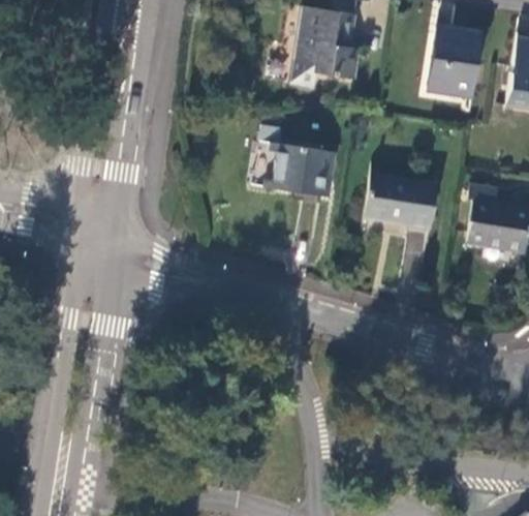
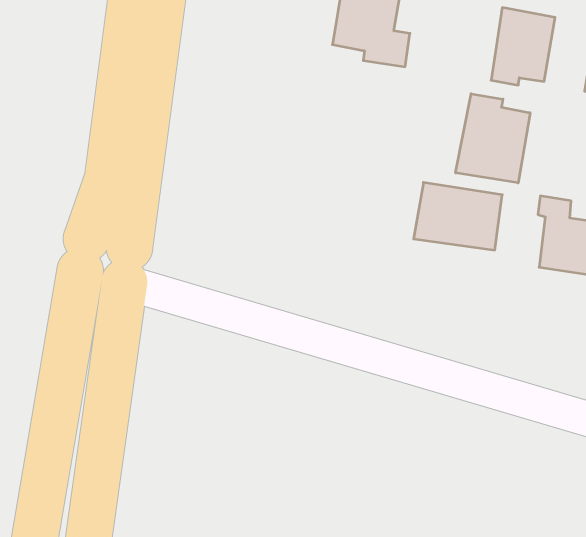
building: none -> [456,94,530,183]
building: [260,124,331,198] -> none

